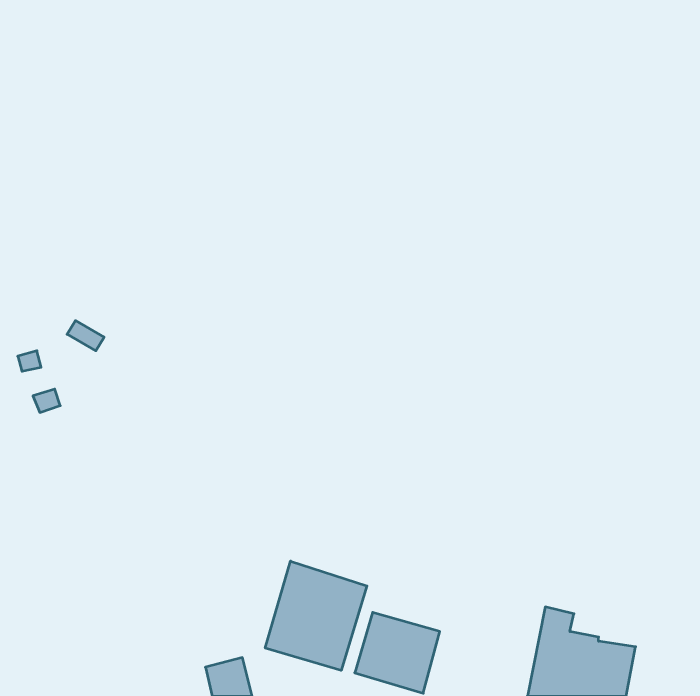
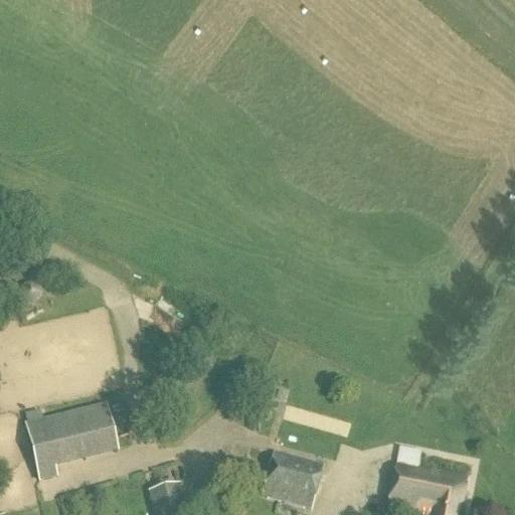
building: none -> [27,403,118,477]
building: [265,561,367,670] -> none

